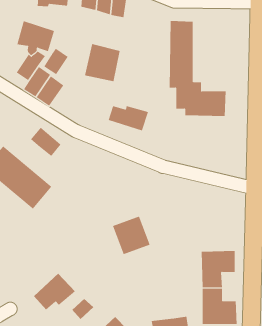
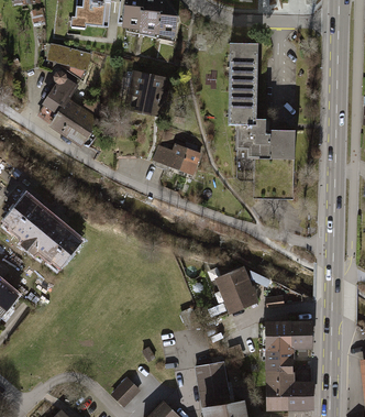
building: [43,48,69,75] -> none
building: [30,127,61,157] -> none
building: [112,216,151,255] -> [217,267,263,315]
building: [33,273,76,310] -> none
building: none -> [193,362,233,406]

